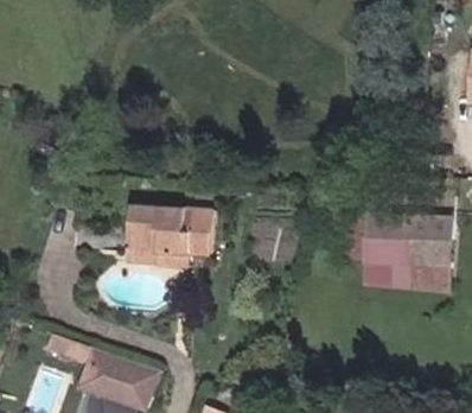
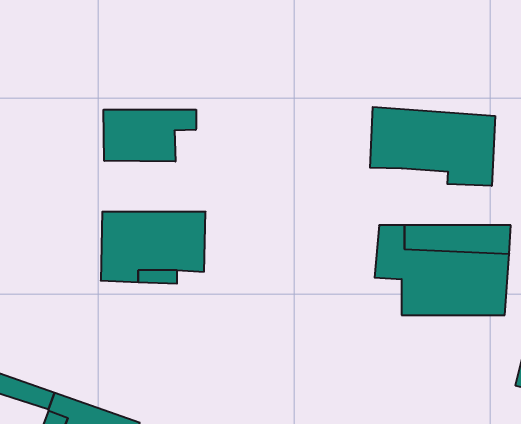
building: none -> [370,107,495,186]
building: none -> [104,110,196,162]

